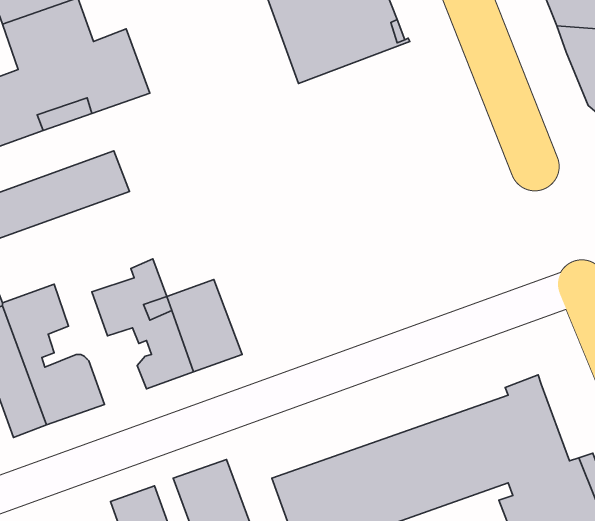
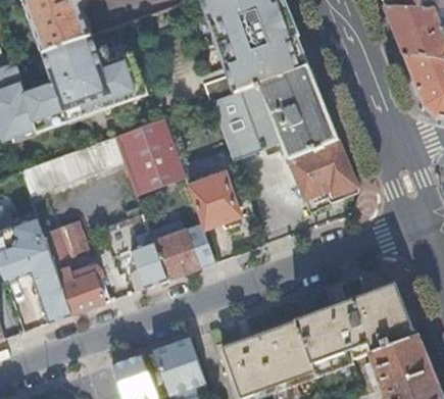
building: none -> [211,64,356,216]
building: none -> [114,118,184,193]
building: none -> [187,173,238,229]

